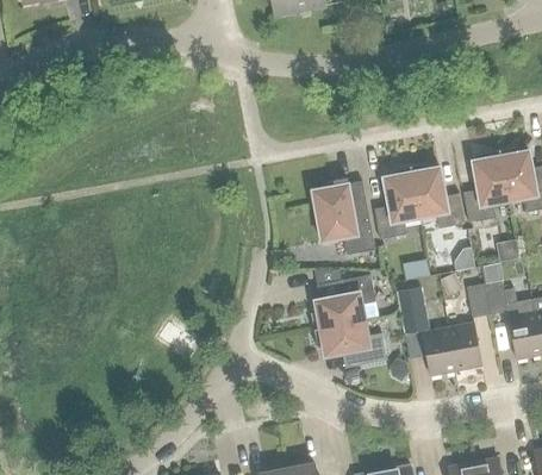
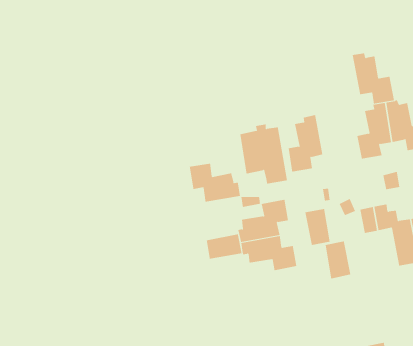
building: [410,163,465,229] -> [352,53,395,104]
building: none -> [189,163,240,202]
building: none -> [206,233,242,259]
building: [447,321,481,370] -> none

